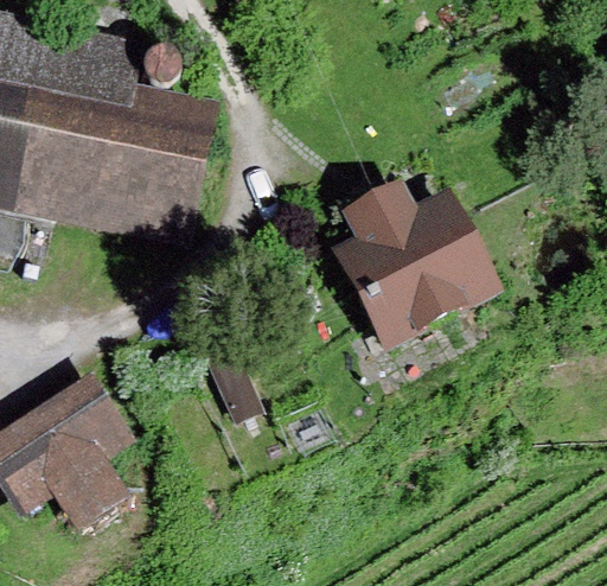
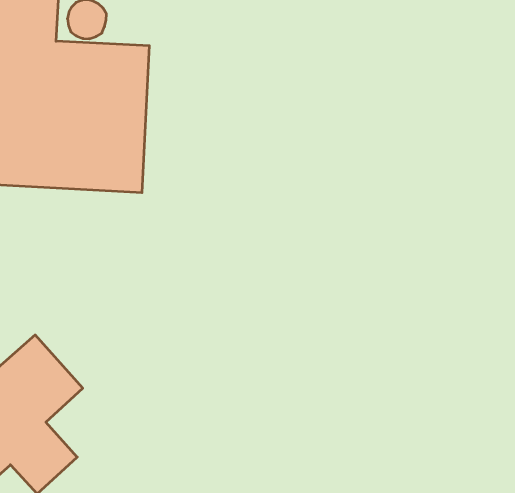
building: [331,183,504,353] -> none

